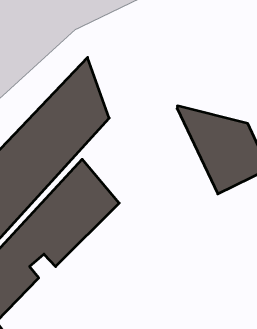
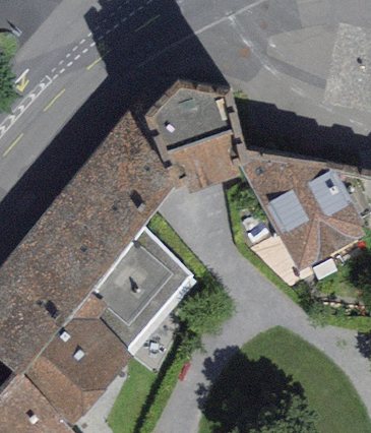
building: none -> [140,82,246,191]

